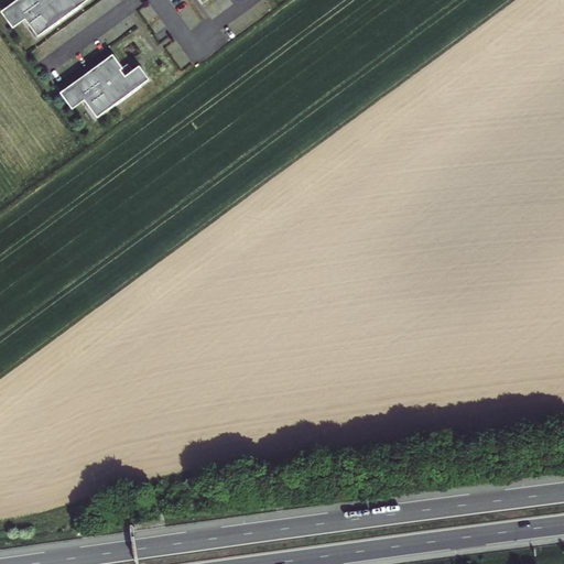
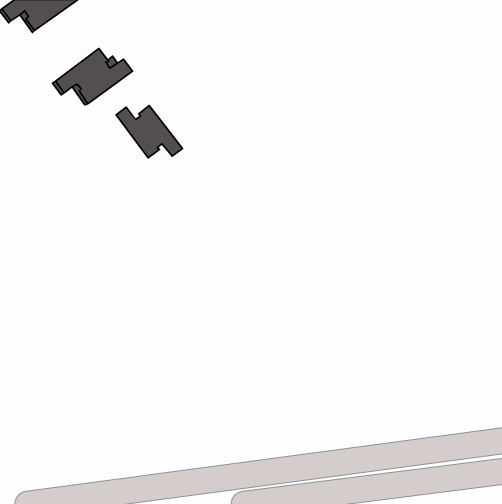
building: none -> [116,105,182,158]

